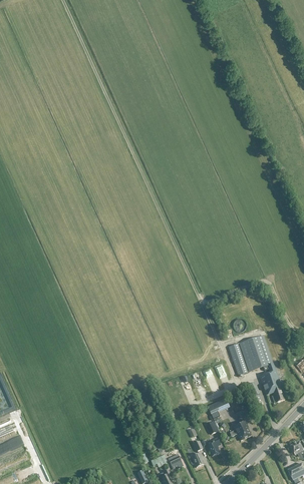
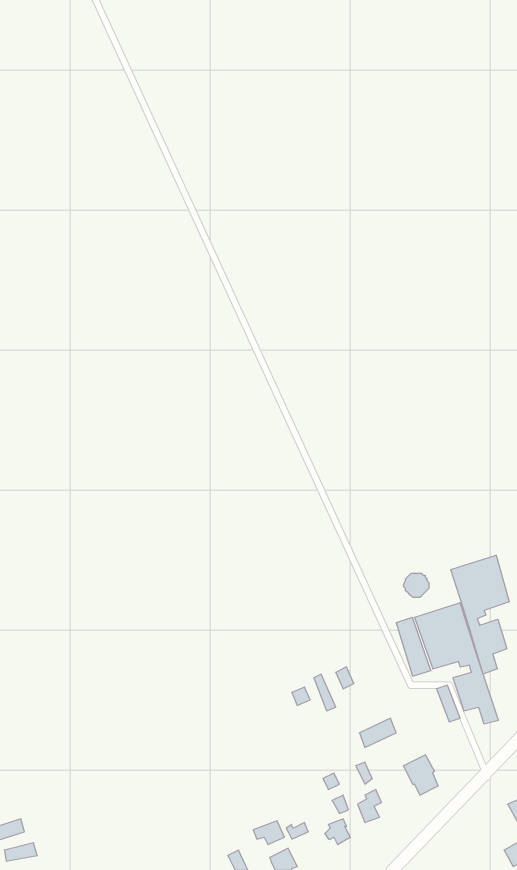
building: none -> [451,555,509,674]

